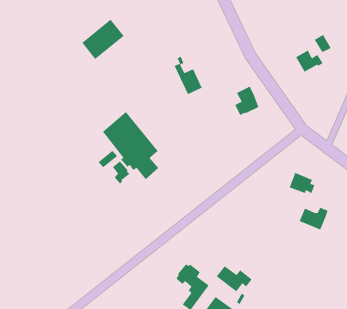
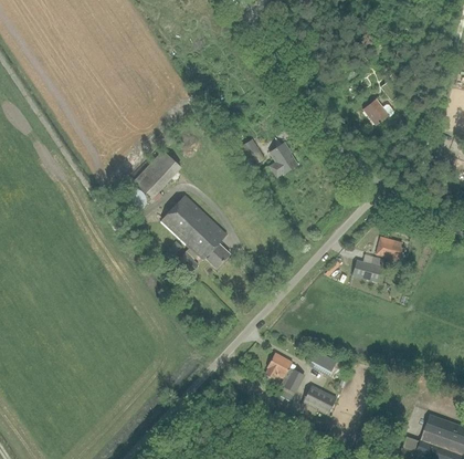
building: [81,19,124,60] -> [134,148,180,196]
building: [234,86,259,116] -> [270,142,297,176]
building: [299,207,328,230] -> [352,255,383,281]

